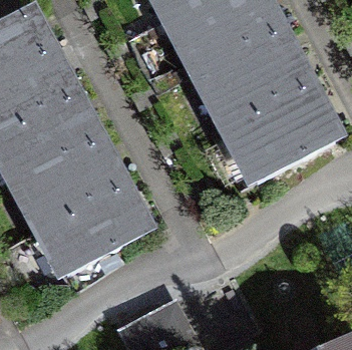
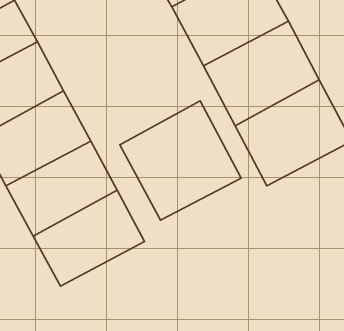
building: none -> [120,101,241,220]

